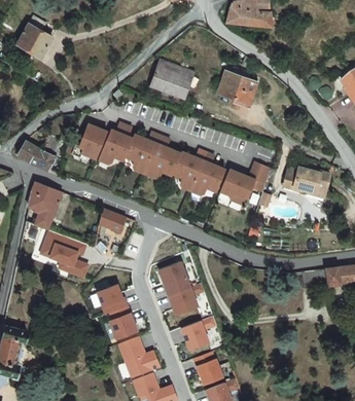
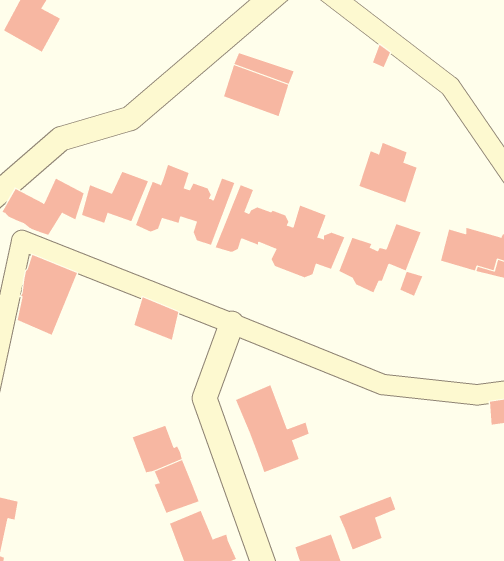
building: [219,66,255,103] -> [358,142,418,203]
building: [40,230,85,278] -> none
building: [181,316,216,349] -> [339,496,396,550]

